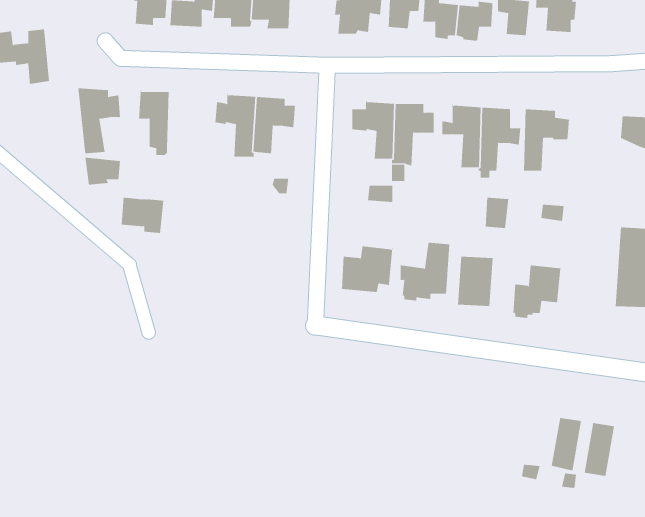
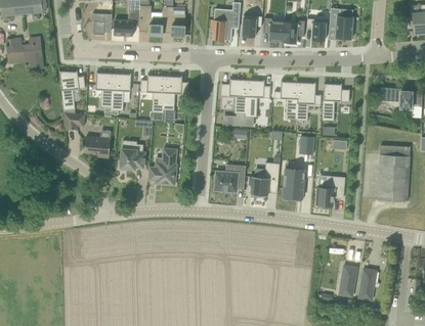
building: none -> [112,74,131,114]
building: none -> [119,144,145,170]
building: none -> [147,148,177,185]

